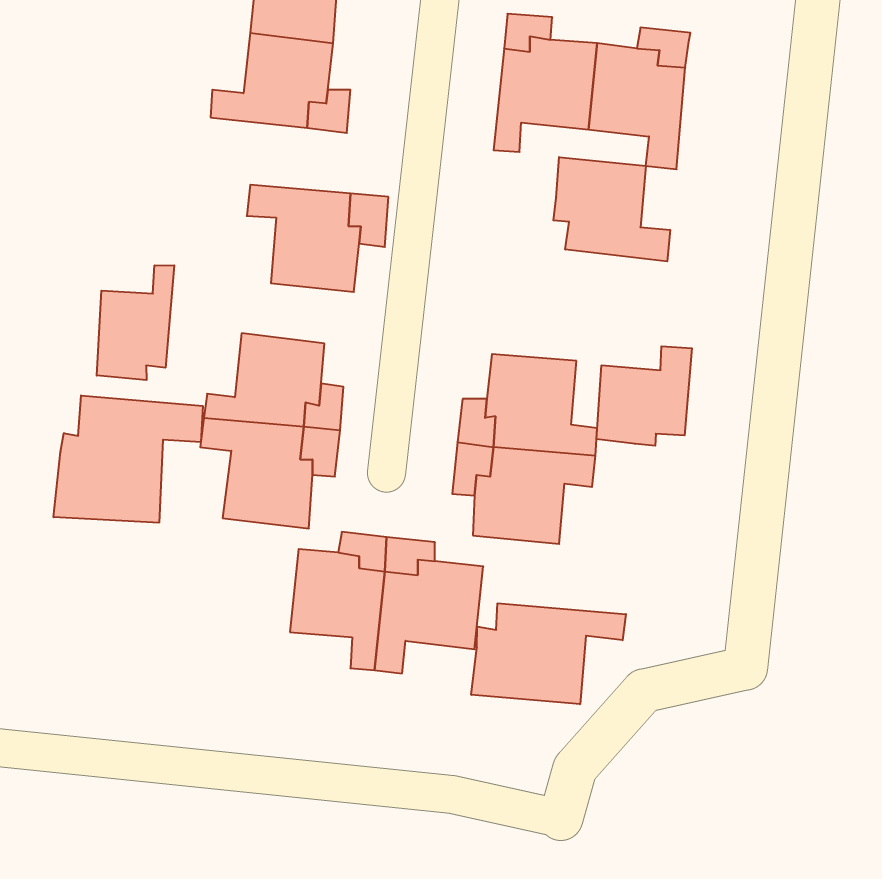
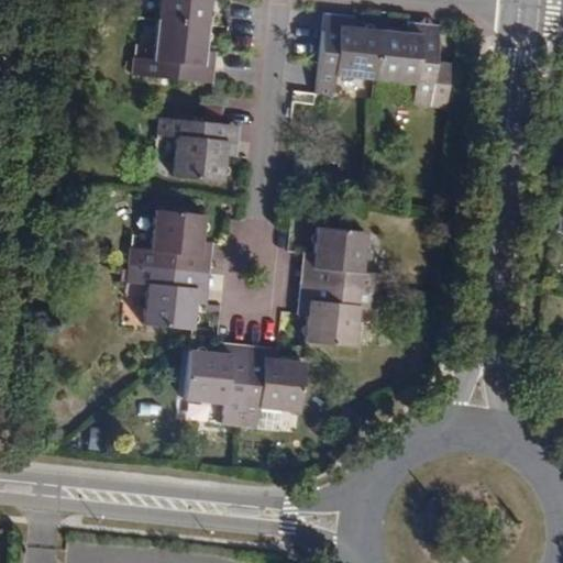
building: [553,157,670,261] -> none
building: [97,265,174,380] -> none
building: [597,346,692,446] -> none
building: [54,395,203,523] -> none
building: [471,603,626,704] -> none

